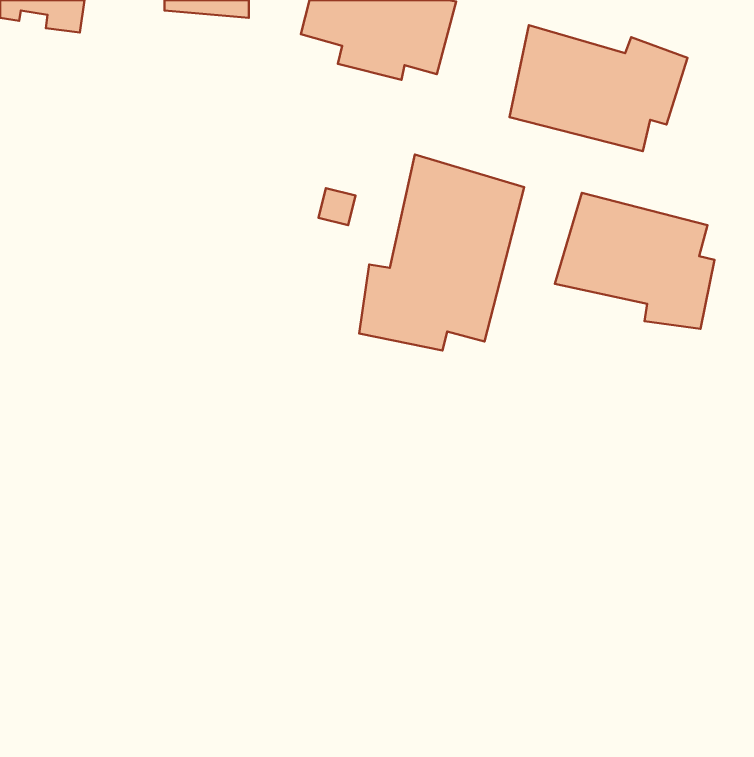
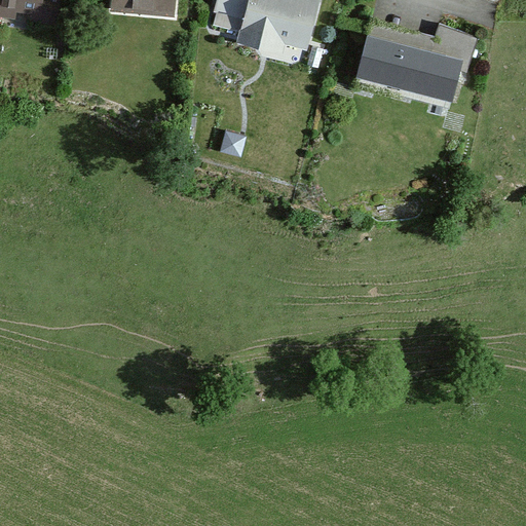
building: [359,154,524,350] -> none
building: [555,193,715,329] -> none

